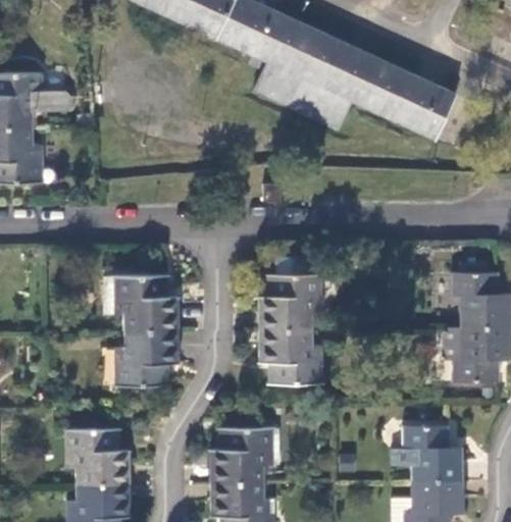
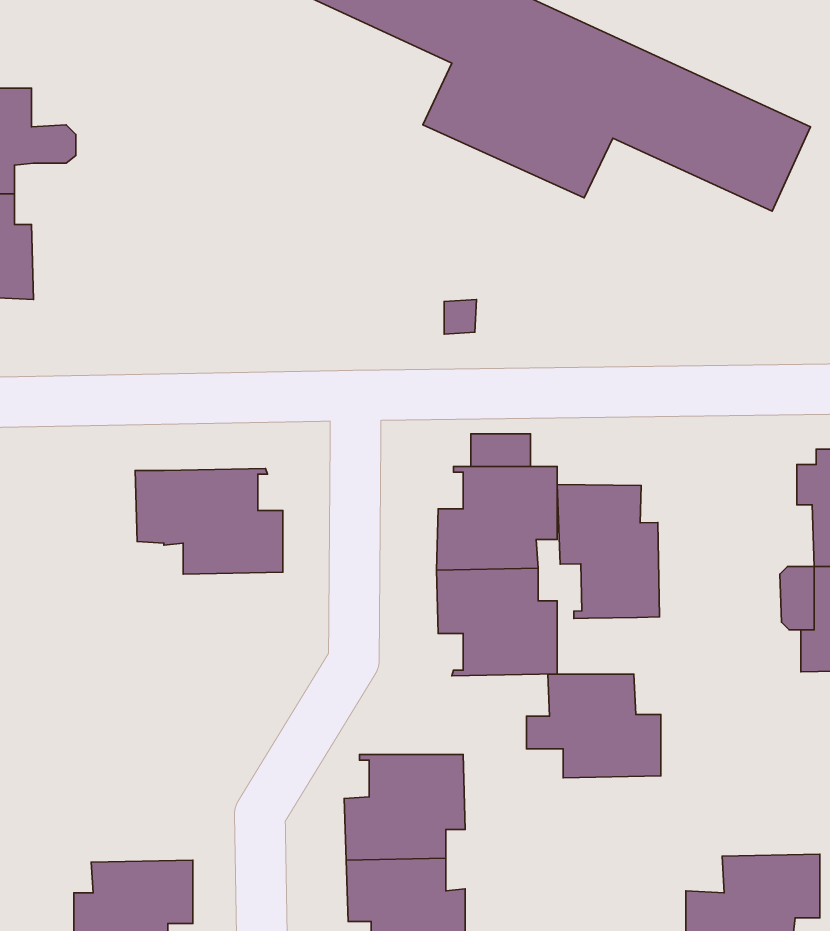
building: none -> [557,485,659,619]
building: [115,329,177,385] -> none
building: [392,425,463,480] -> [527,674,661,778]
building: [65,428,130,483] -> none

